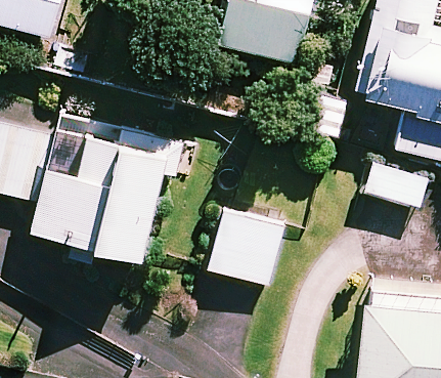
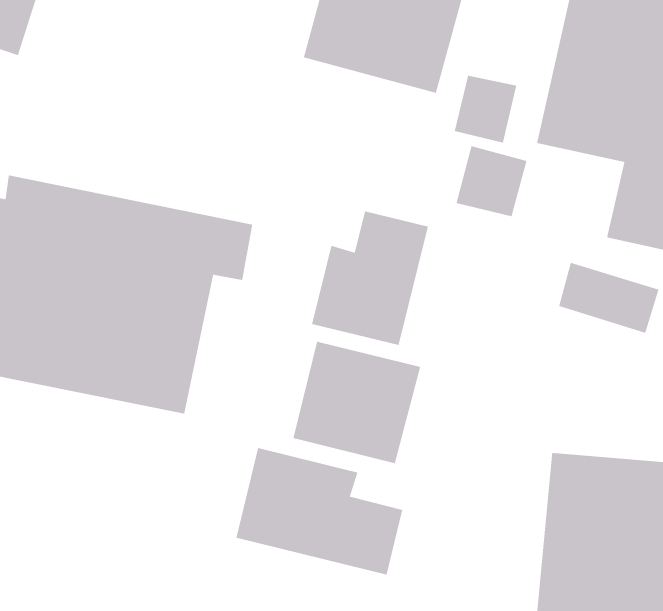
building: none -> [311,211,429,346]
building: none -> [236,447,403,575]

